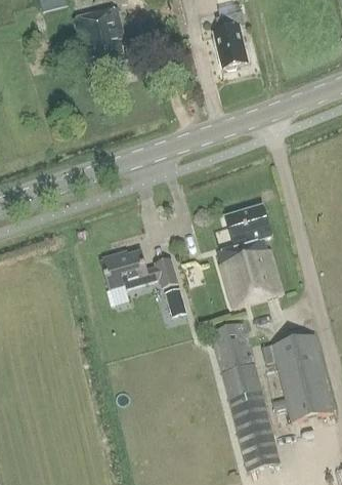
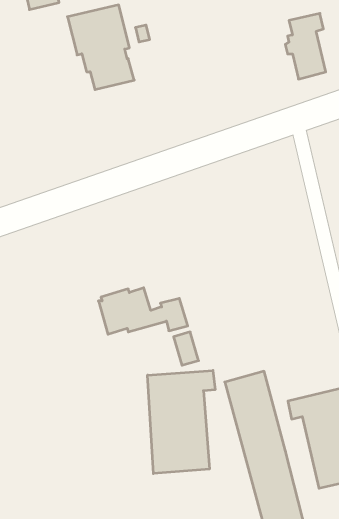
building: [213,9,248,66] -> [285,13,326,79]
building: [217,203,283,305] -> none
building: none -> [148,370,215,474]

